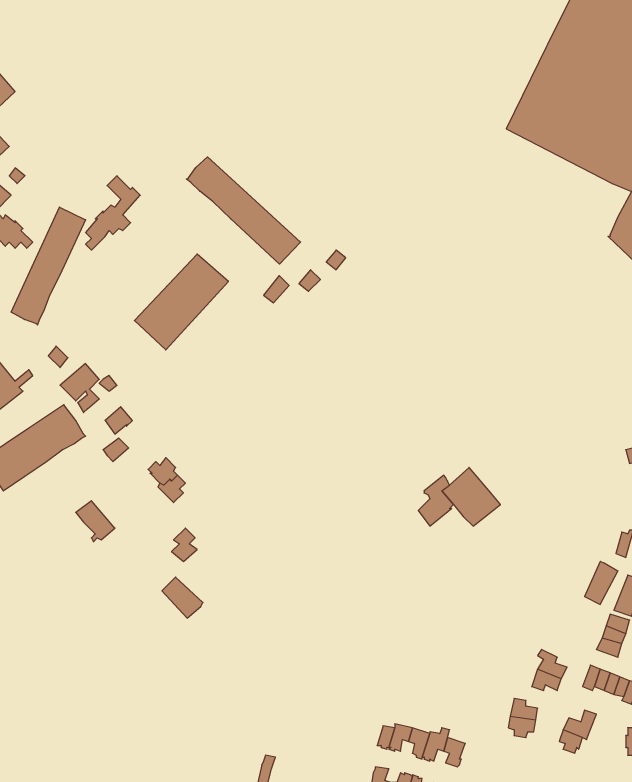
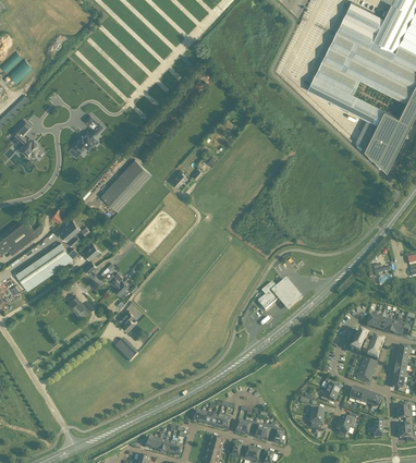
building: [186,157,301,264] -> none
building: [11,207,86,325] -> none

